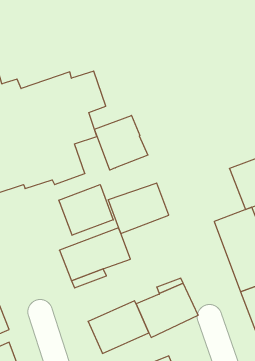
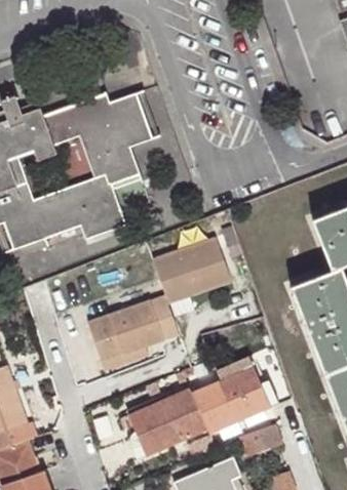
building: [94,115,148,170] -> none
building: [59,185,113,235] -> none
building: none -> [238,424,282,456]

